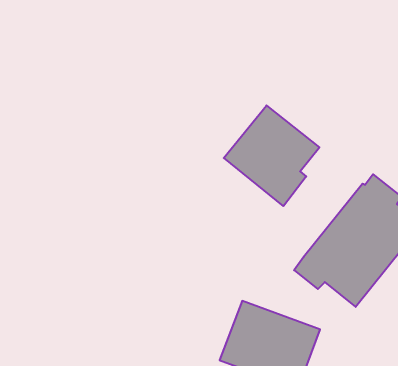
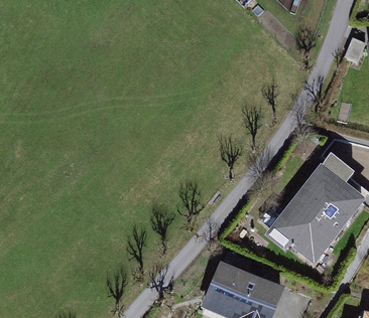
building: [224,105,319,206] -> none

